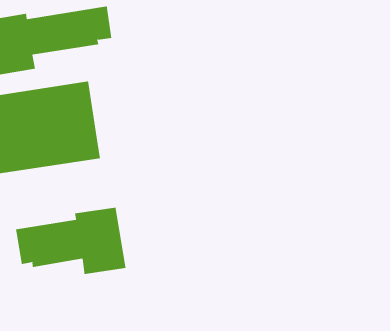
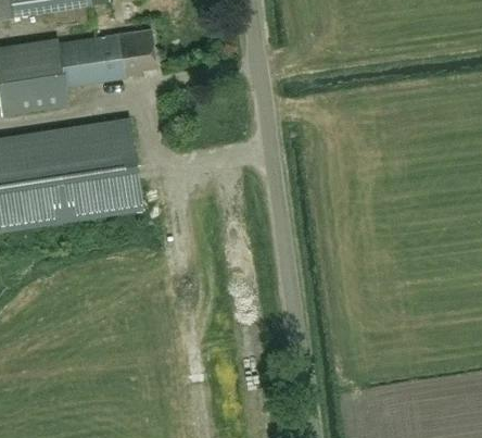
building: [15,207,126,275] -> none

